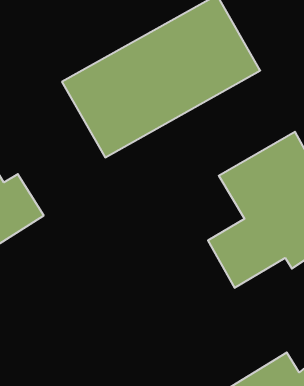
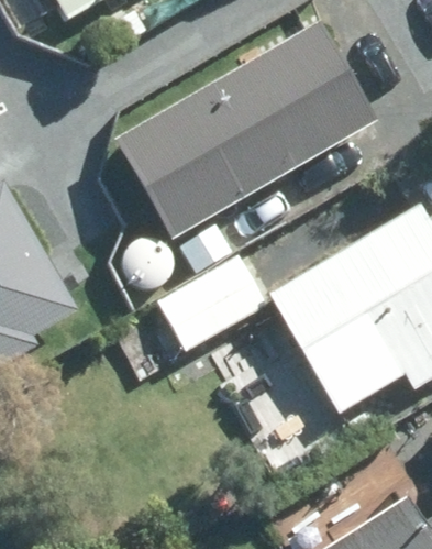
building: none -> [142,250,272,361]

